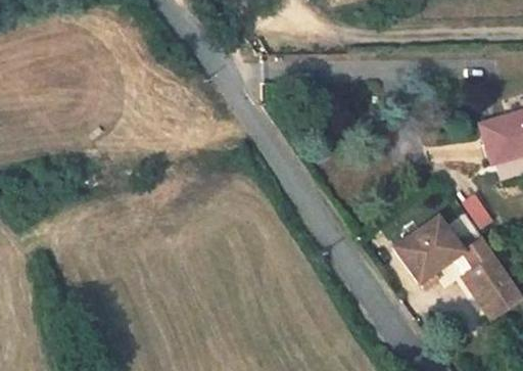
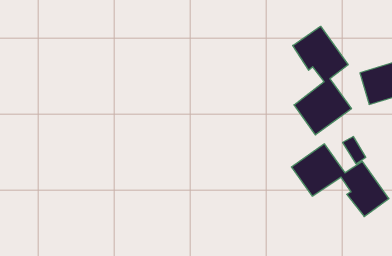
building: none -> [293,26,351,135]

